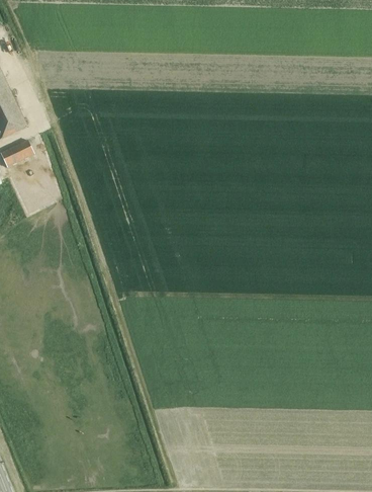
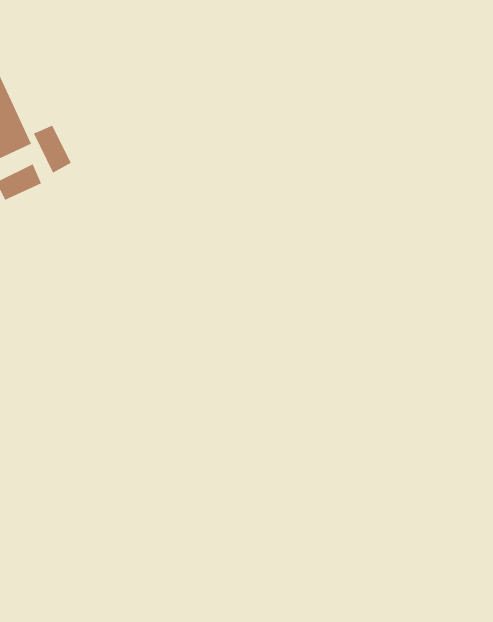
building: none -> [33,125,72,173]

